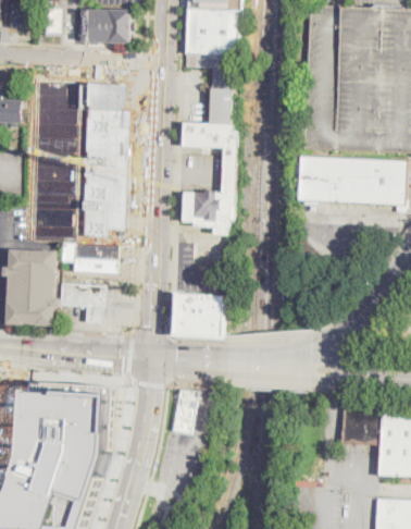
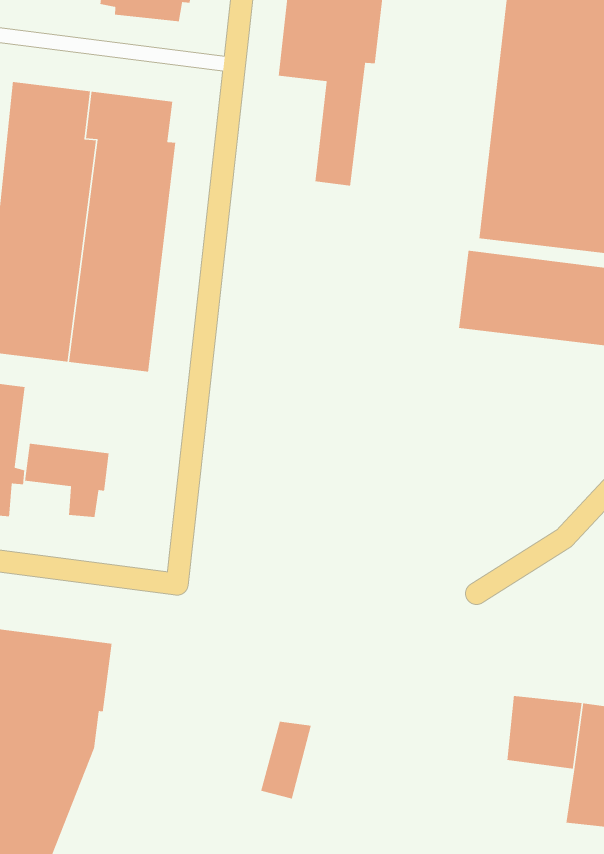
building: [182,123,236,235] -> none
building: [61,243,119,273] -> none
building: [171,293,226,334] -> none
building: [171,390,197,433] -> [260,721,312,799]

